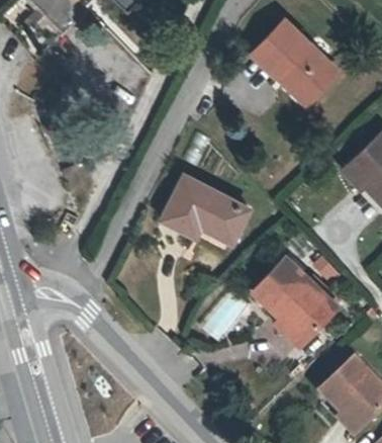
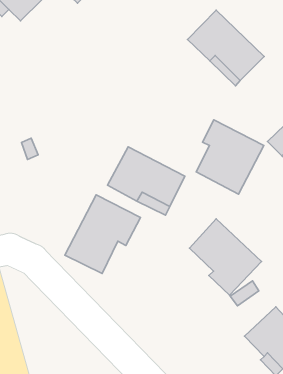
building: none -> [196,120,264,194]
building: none -> [65,195,140,274]

